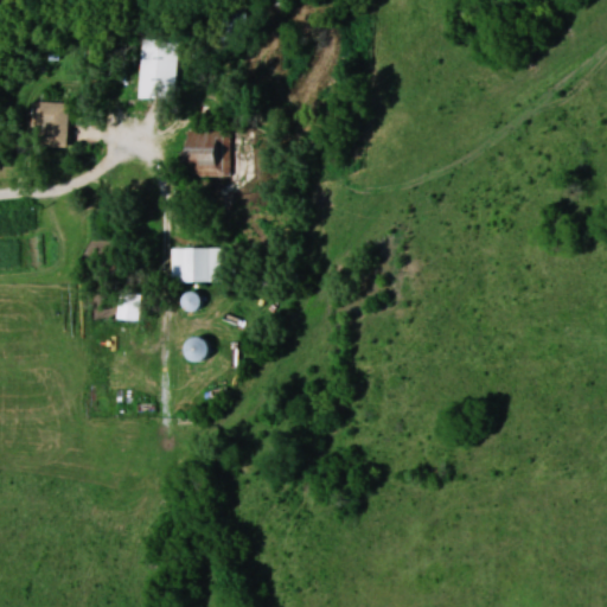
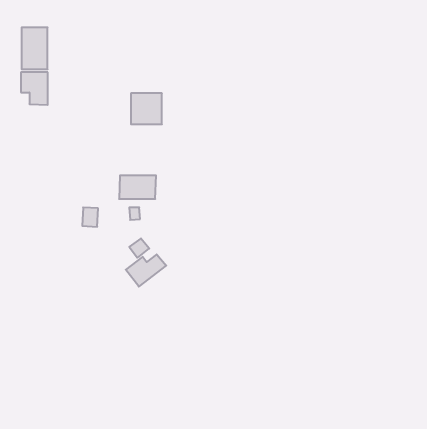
building: [136,39,173,98] -> [22,27,48,69]
building: none -> [126,254,166,287]

